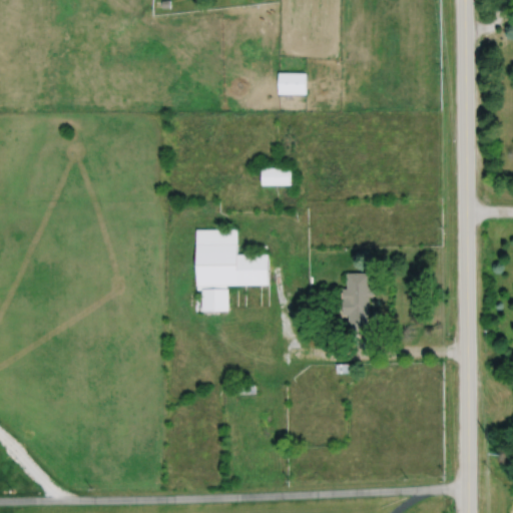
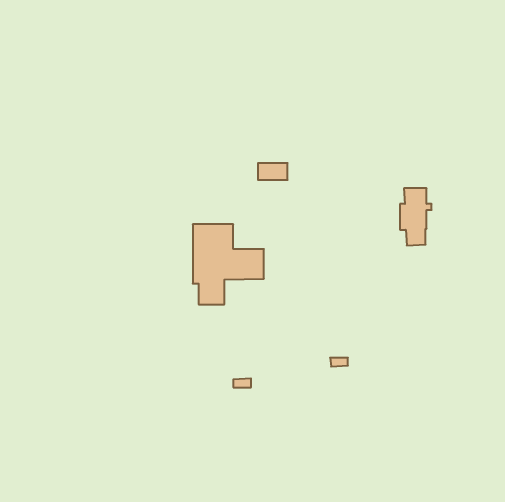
building: [278,73,306,95] -> none
building: [342,275,374,333] -> [400,188,432,245]

